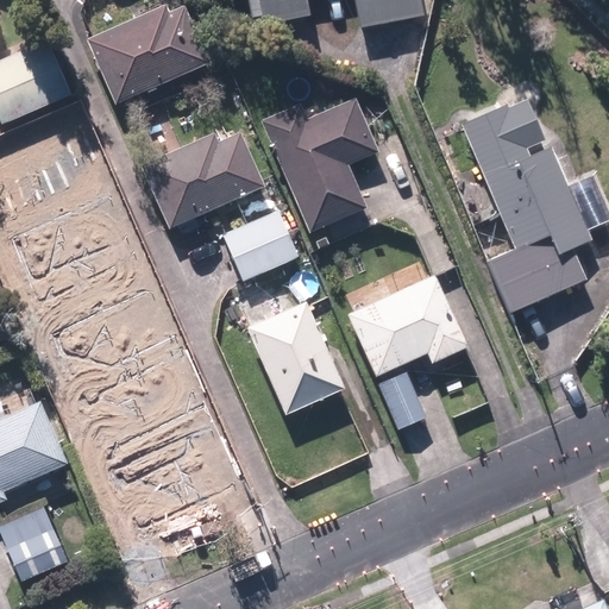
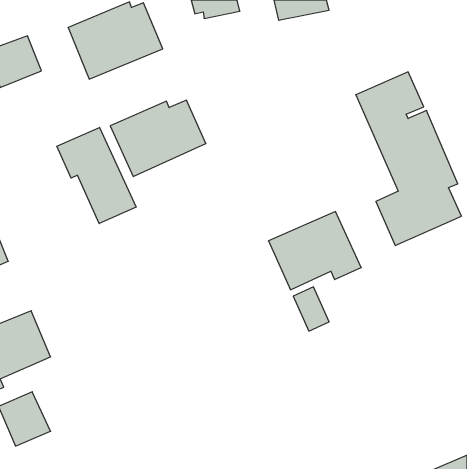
building: [260,99,379,232] -> none
building: none -> [57,127,136,224]
building: [222,209,300,281] -> none
building: [247,301,346,414] -> none

